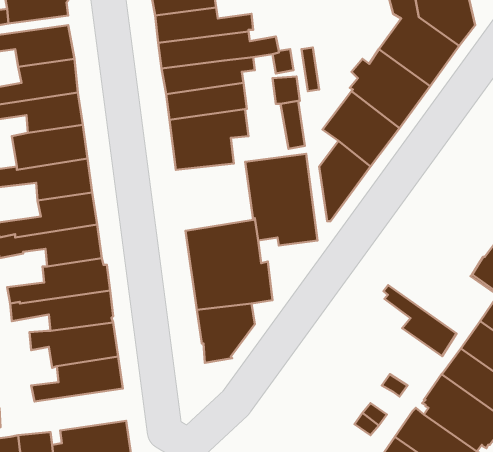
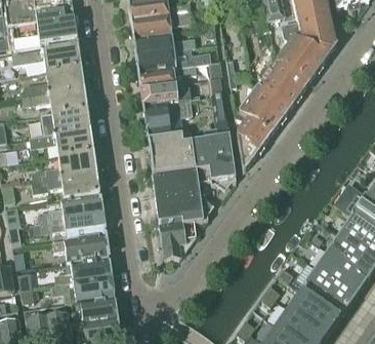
building: none -> [145,128,195,173]
building: [384,285,457,356] -> none
building: none -> [51,273,114,301]

